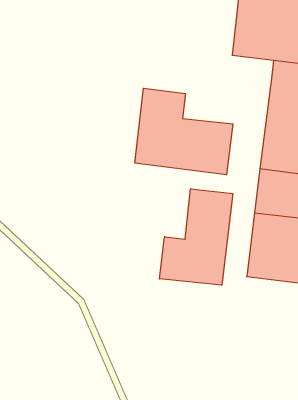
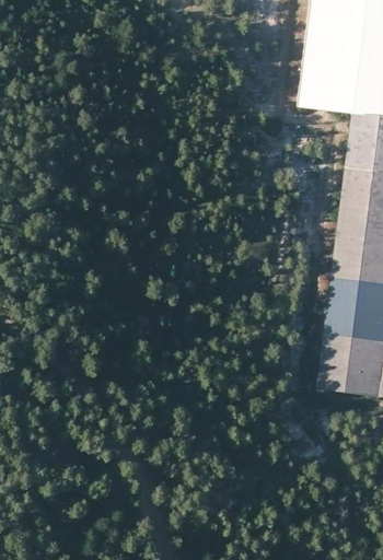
building: [135,88,233,175] -> none
building: [159,189,233,285] -> none

